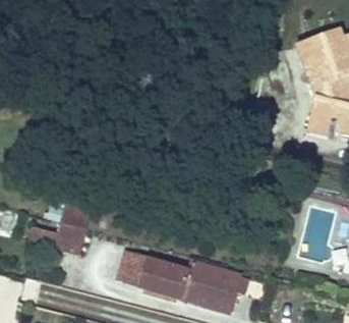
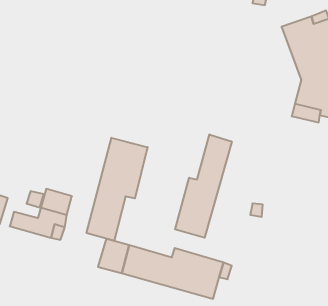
building: none -> [175,134,232,238]
building: none -> [87,138,148,241]

